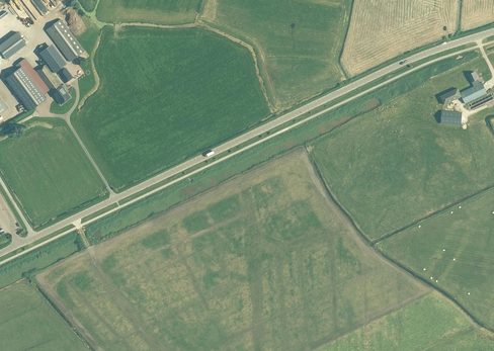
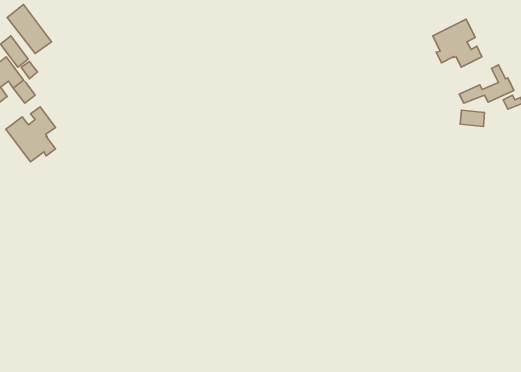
building: none -> [433,19,482,67]
building: none -> [6,107,56,162]

